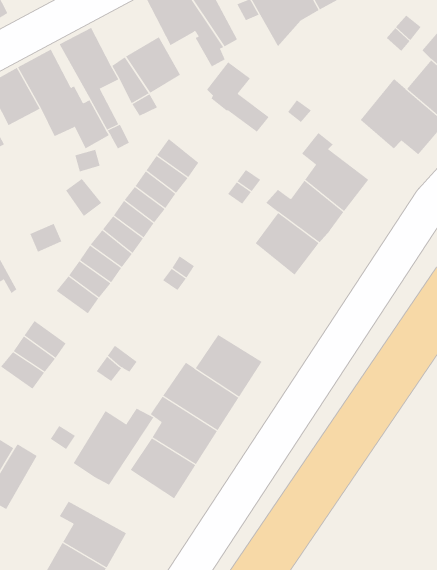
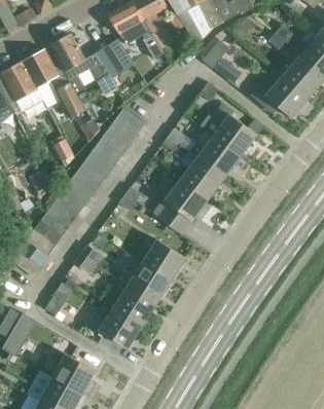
building: [206,62,269,133] -> [200,35,242,82]
building: none -> [153,177,208,233]
building: none -> [34,209,70,244]
building: [73,408,154,485] -> none

